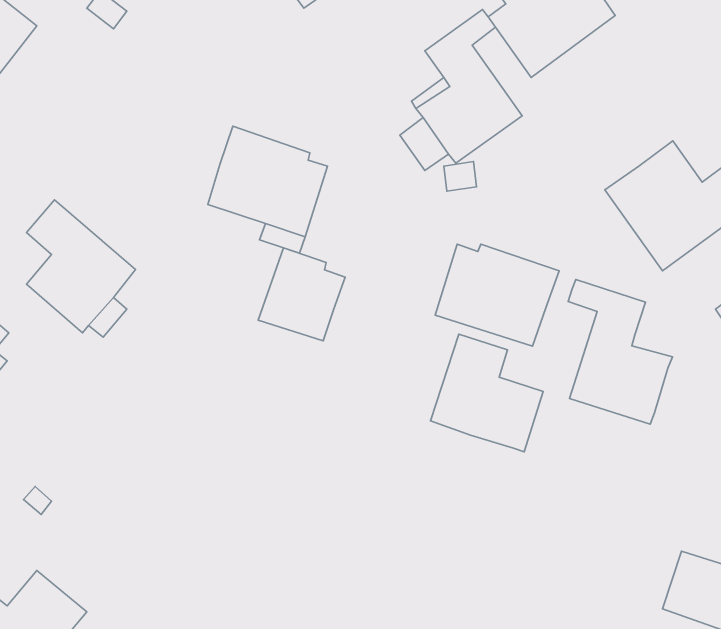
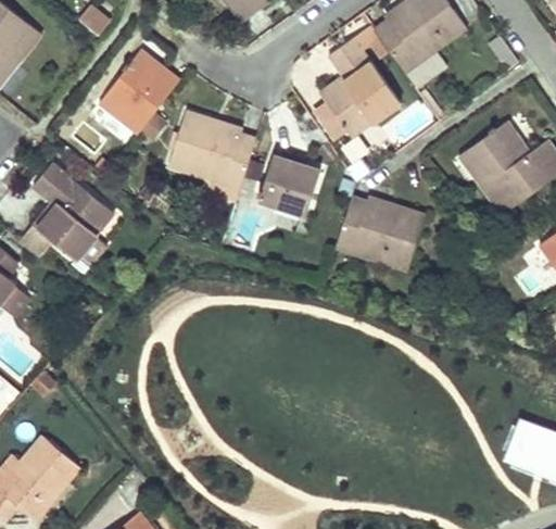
building: none -> [99,38,180,133]
building: [258,248,345,341] -> [256,148,320,216]
building: [568,280,672,424] -> none
building: [431,334,543,452] -> none

